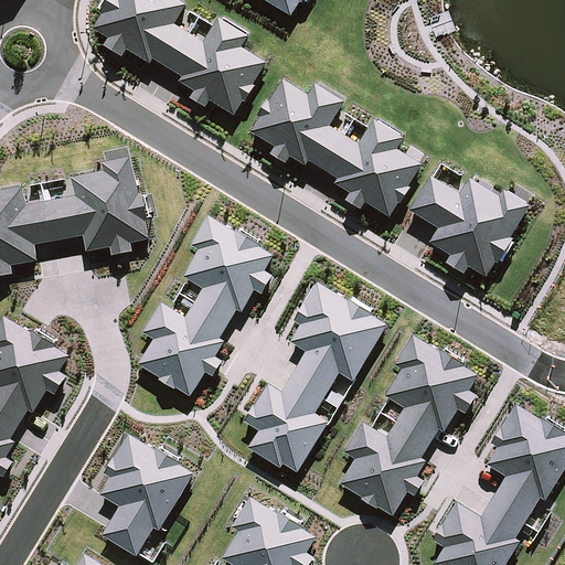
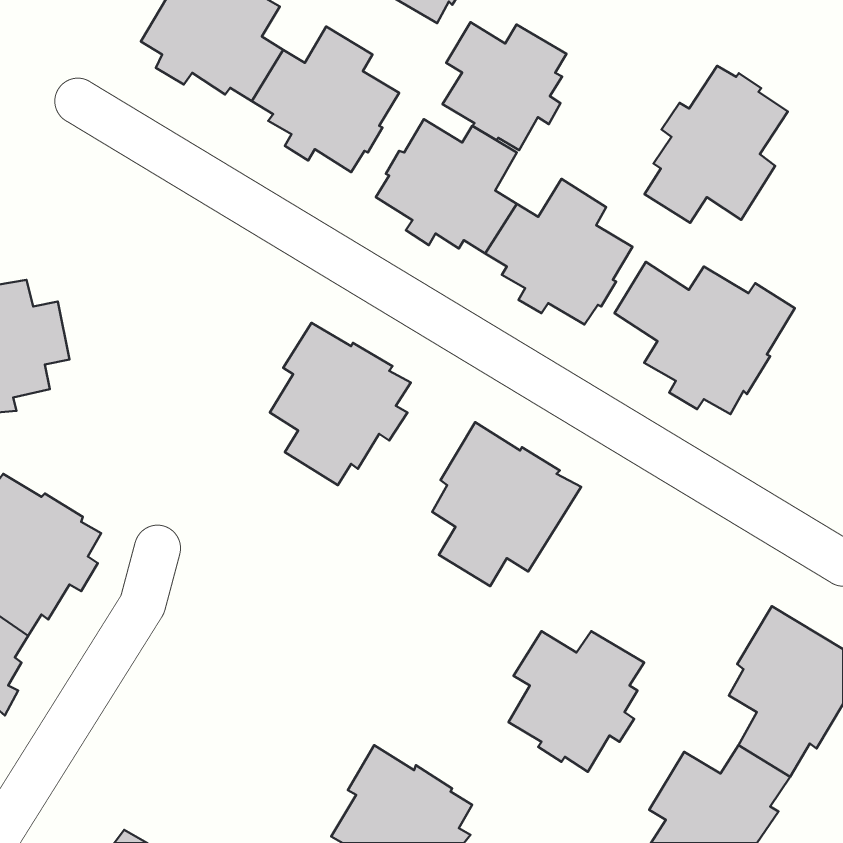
building: none -> [443,22,566,150]
building: none -> [644,66,788,223]
building: [39,156,146,255] -> none
building: [134,301,225,395] -> none
building: [384,334,478,441] -> none
building: [242,370,327,471] -> none
building: [99,434,193,555] -> none

